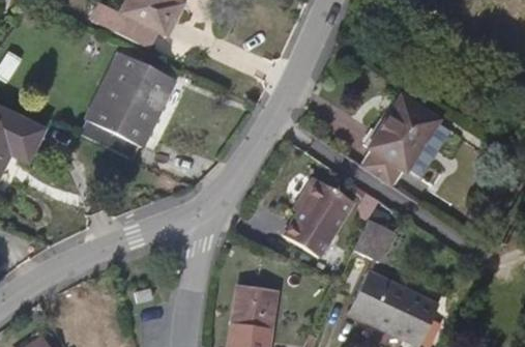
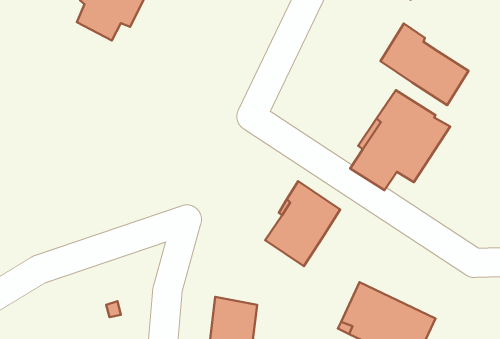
building: none -> [380,24,468,105]
building: [78,52,173,161] -> none
building: [356,219,396,261] -> none

